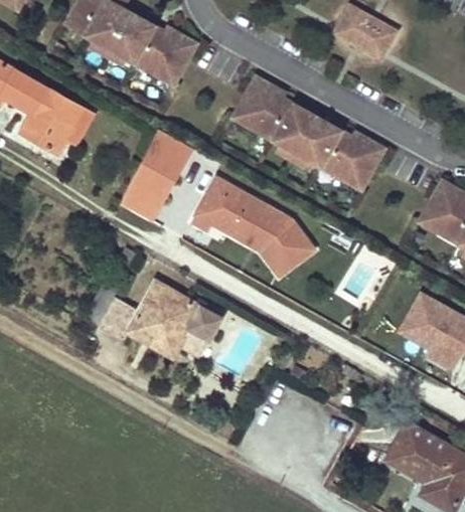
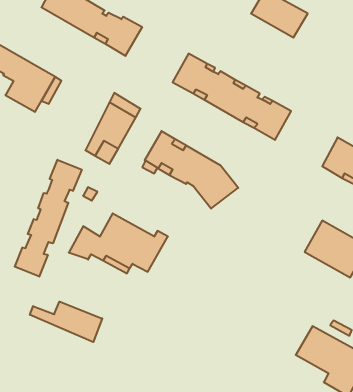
building: none -> [15,160,82,277]
building: none -> [30,302,102,342]

